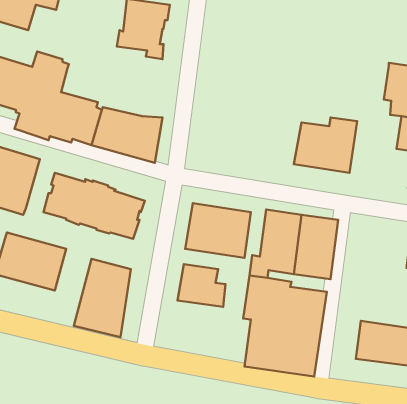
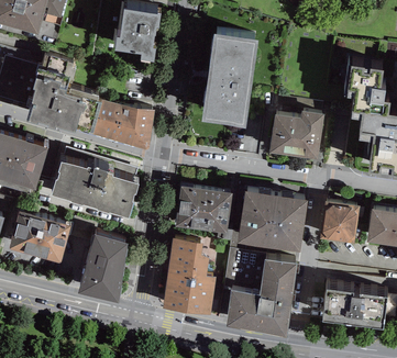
building: none -> [201,29,256,122]
building: none -> [319,198,359,238]
building: none -> [163,266,216,311]

